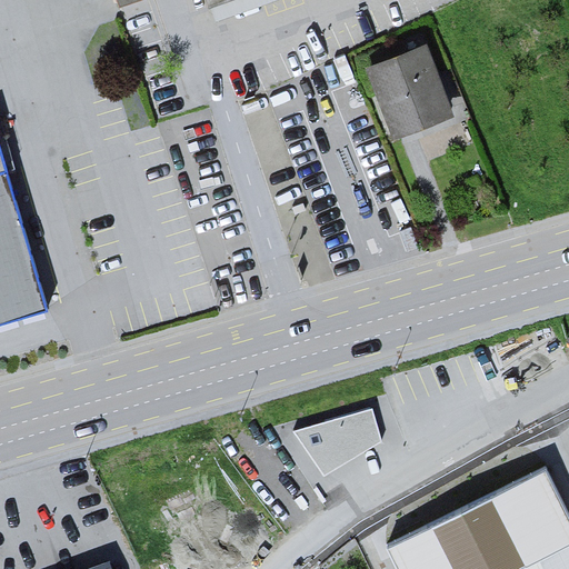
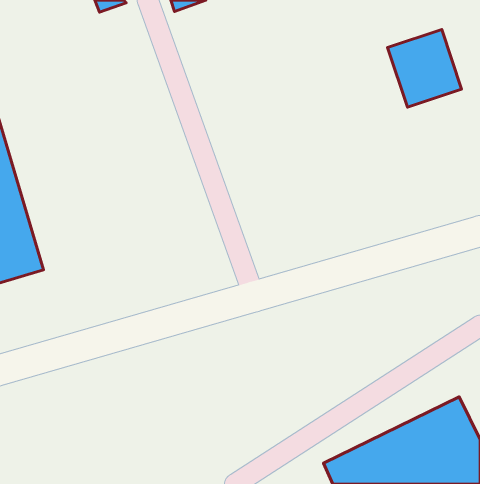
building: [368,52,455,143] -> [388,30,462,107]
building: [283,407,378,478] -> none

